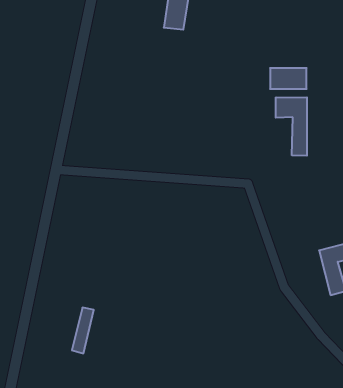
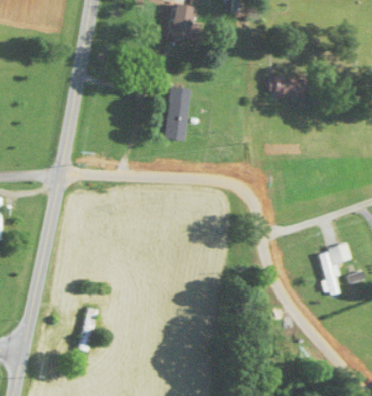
building: none -> [163,87,191,142]
building: [276,97,307,156] -> none

